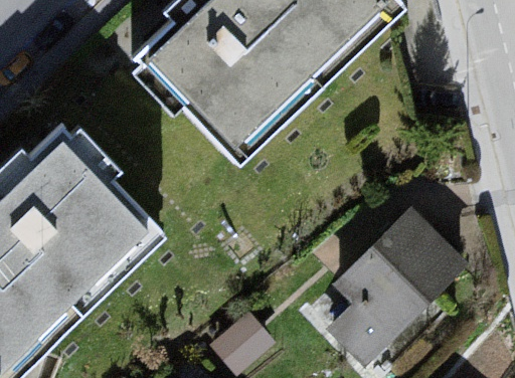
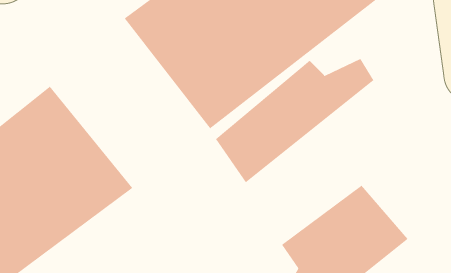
building: none -> [215,58,374,183]

